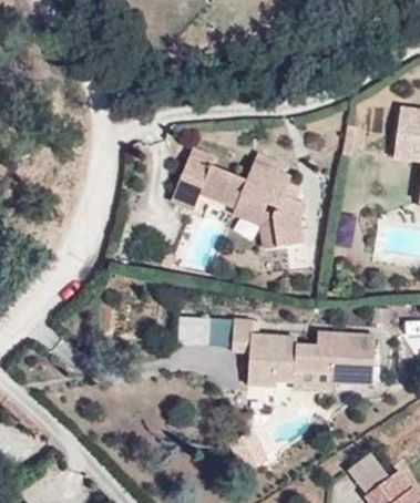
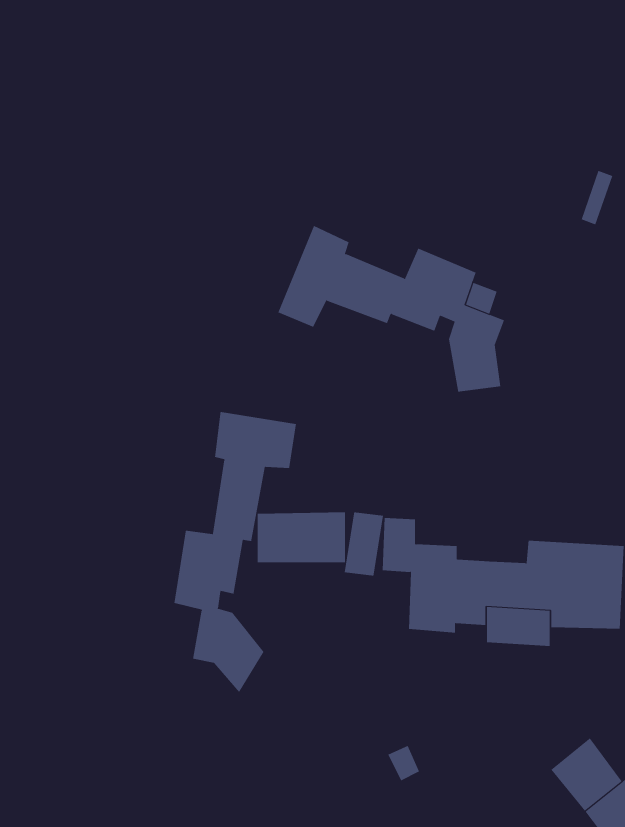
building: [240,201,286,248] -> none
building: none -> [174,411,297,693]

